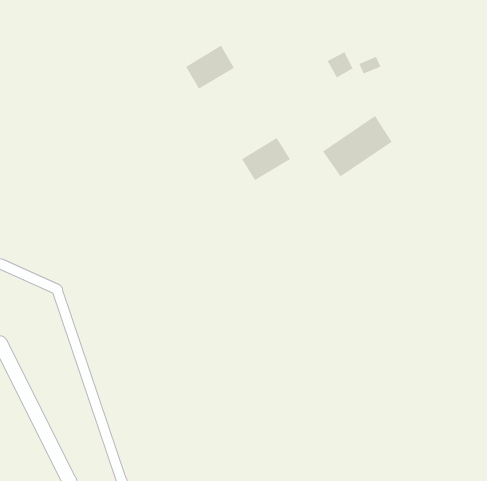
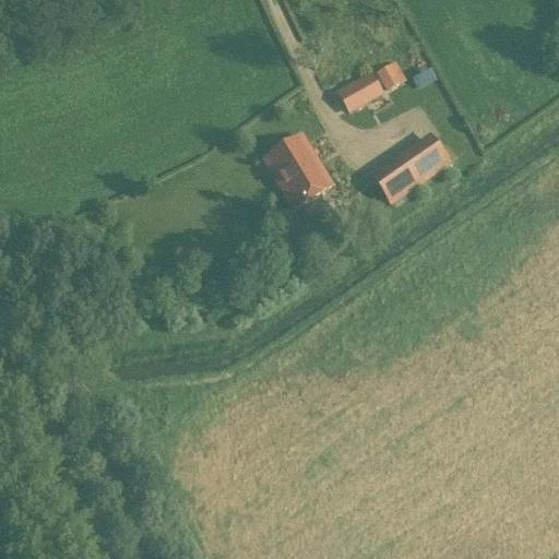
building: [185,45,235,90] -> [261,131,318,182]
building: none -> [342,78,379,109]

